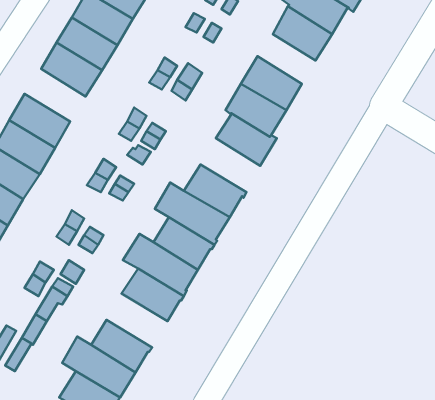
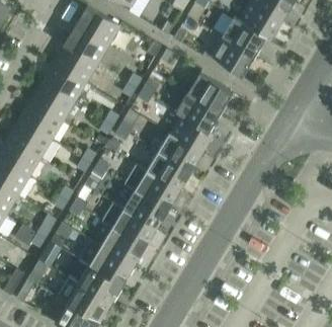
building: none -> [30,81,75,119]
building: none -> [159,132,202,171]
building: none -> [90,245,135,284]

